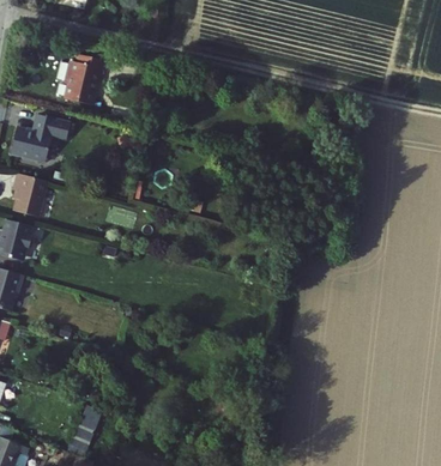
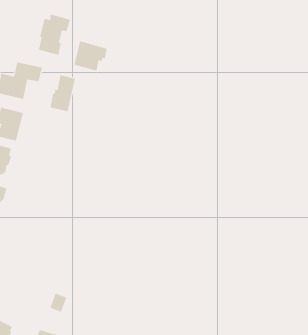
building: none -> [74,41,107,72]
building: none -> [50,75,75,112]

